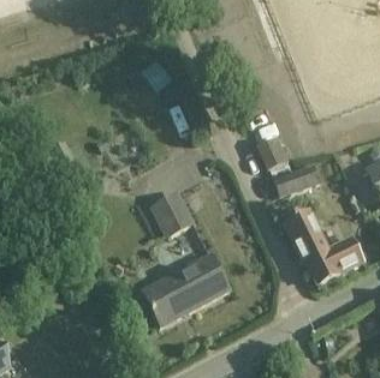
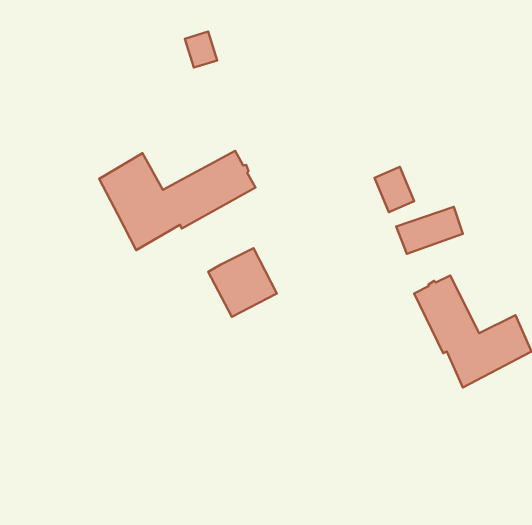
building: none -> [99,151,255,250]
building: [147,254,230,325] -> none

